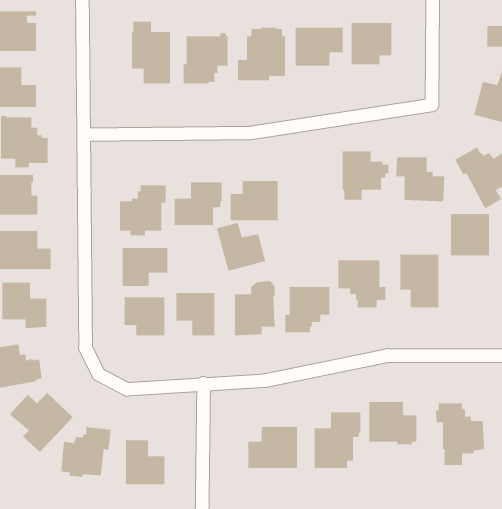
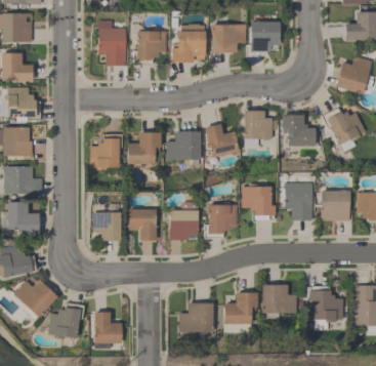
building: [450,213,490,256] -> [321,191,348,220]
building: [216,222,266,272] -> [204,123,239,158]
building: [122,247,168,287] -> none

